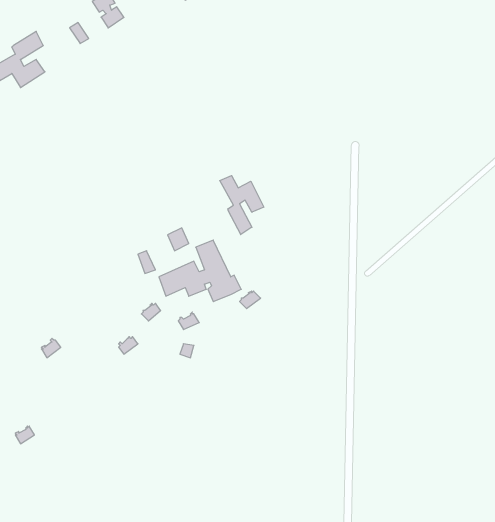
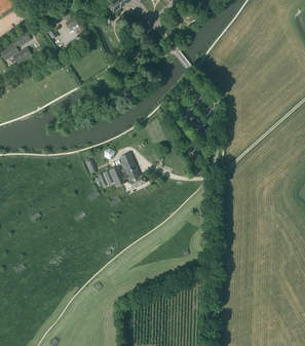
building: [220,176,264,235] -> none

